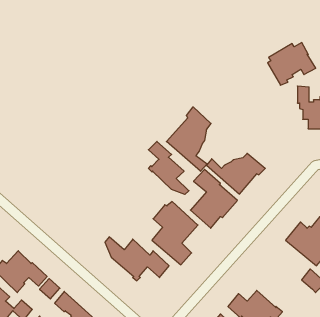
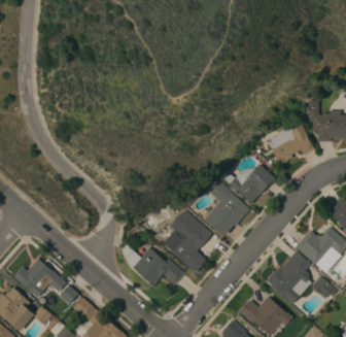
building: [268,43,316,85] -> [268,124,314,165]
building: [166,107,211,171] -> none
building: [148,141,189,194] -> none
building: none -> [267,250,311,303]

